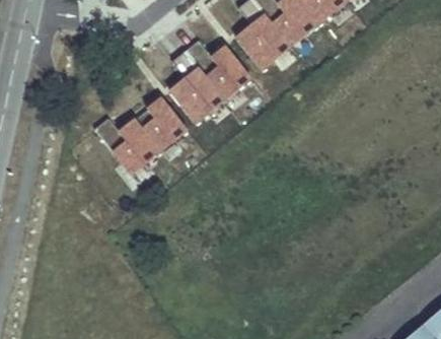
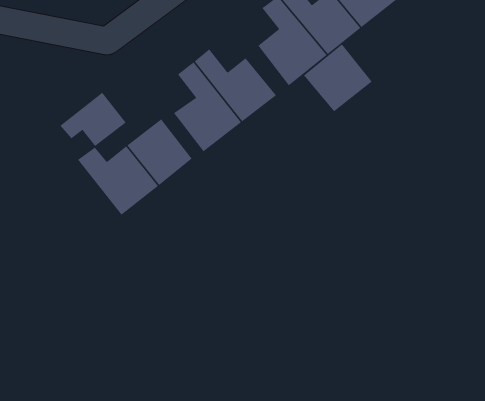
building: none -> [303,43,372,112]
building: none -> [59,92,127,147]

